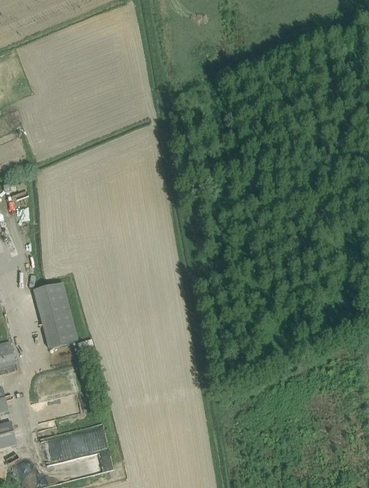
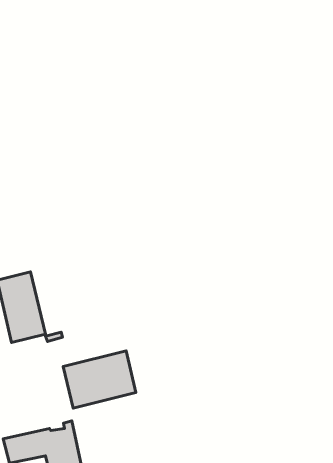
building: none -> [63,351,136,408]

